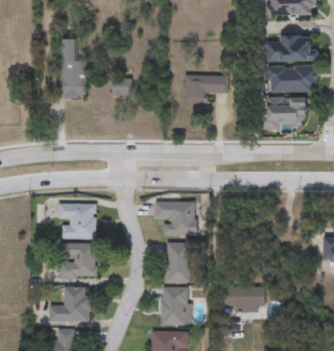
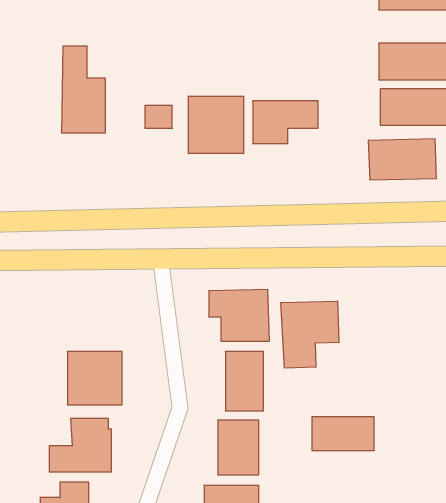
building: none -> [188,96,243,154]
building: [58,203,96,238] -> none
building: none -> [281,301,339,368]

